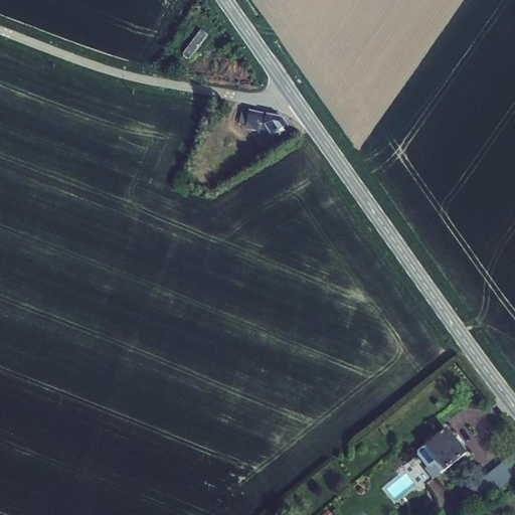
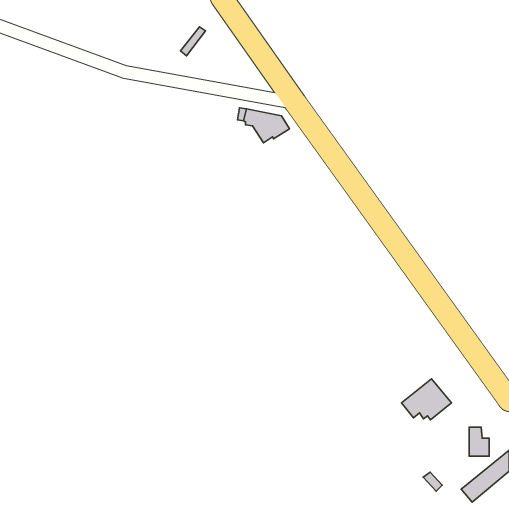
building: [416,428,467,470] -> [402,379,451,420]

